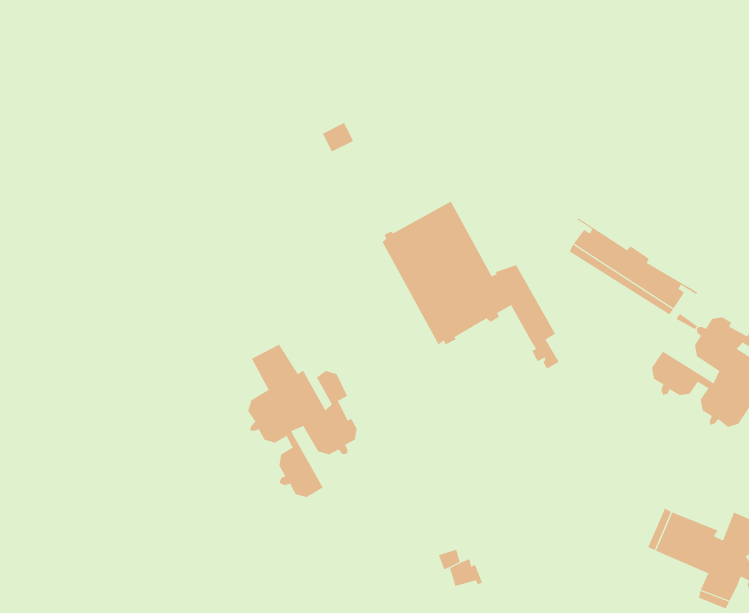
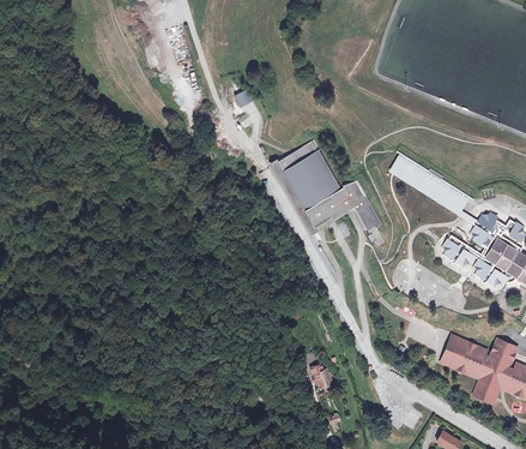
building: [247,344,357,498] -> none

